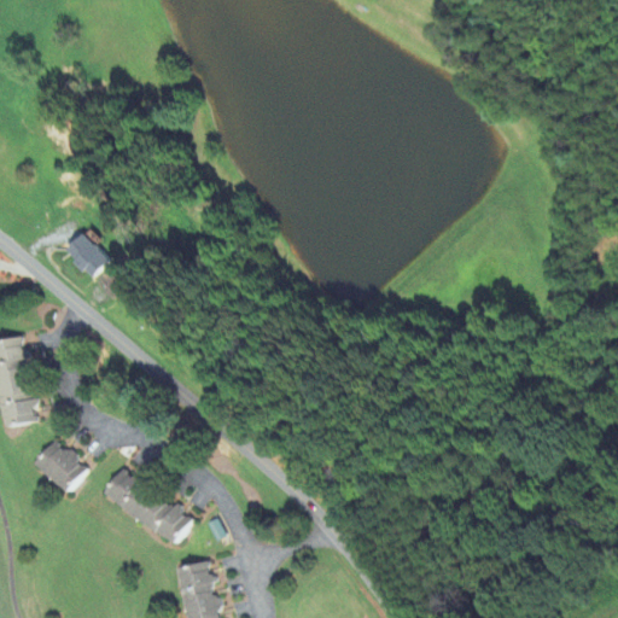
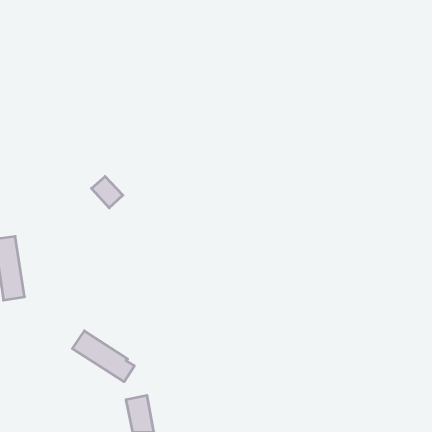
building: [66,233,111,278] -> [91,176,123,208]
building: [35,439,88,491] -> none

